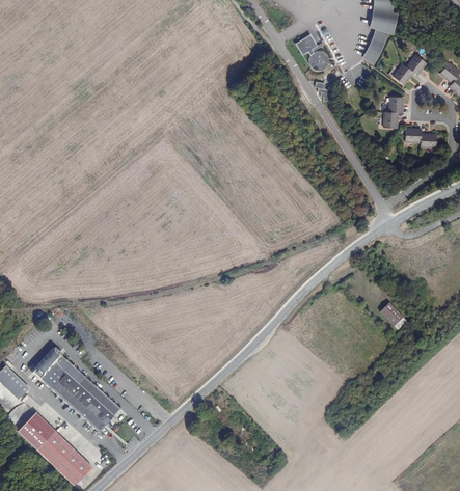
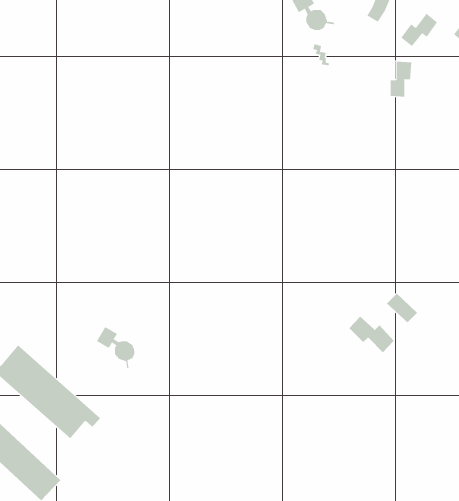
building: [406,128,437,146] -> none
building: none -> [349,316,394,353]
building: none -> [96,326,135,369]

